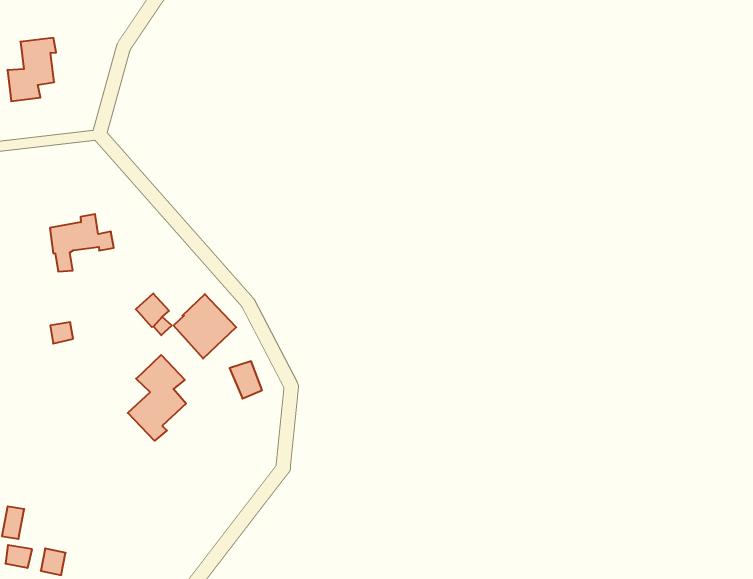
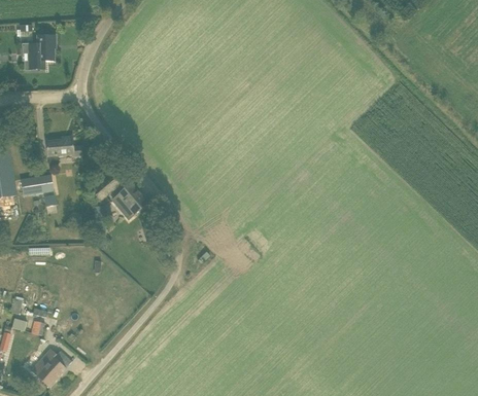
building: none -> [21,174,54,195]
building: [128,355,186,441] -> none

